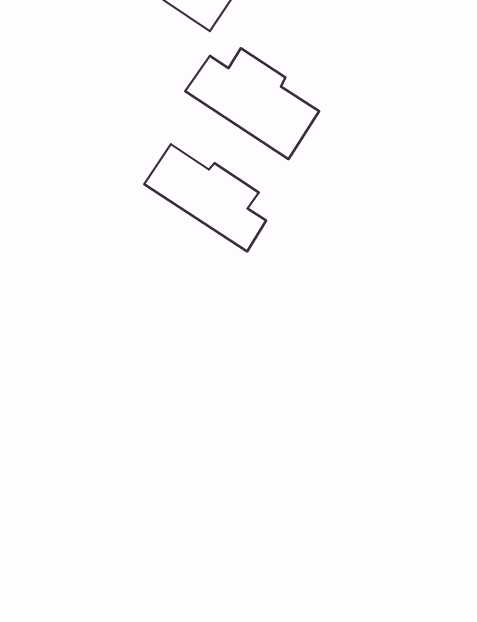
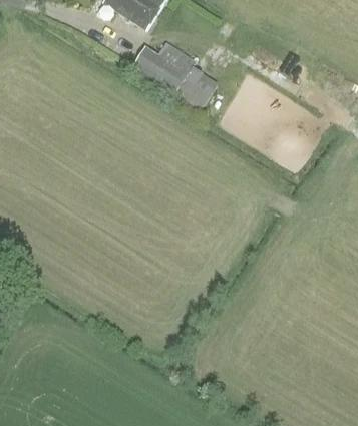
building: [144,144,266,252] -> none

